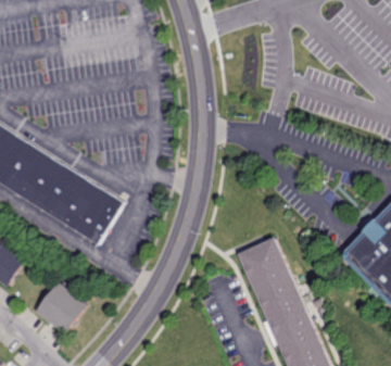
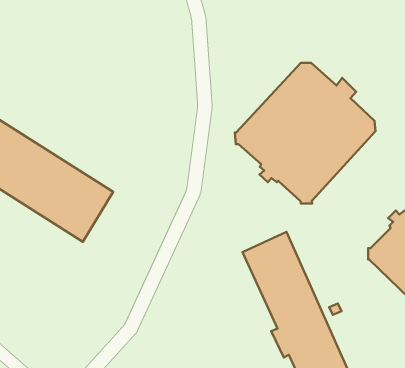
building: none -> [235,63,376,204]
building: [35,282,87,335] -> none

